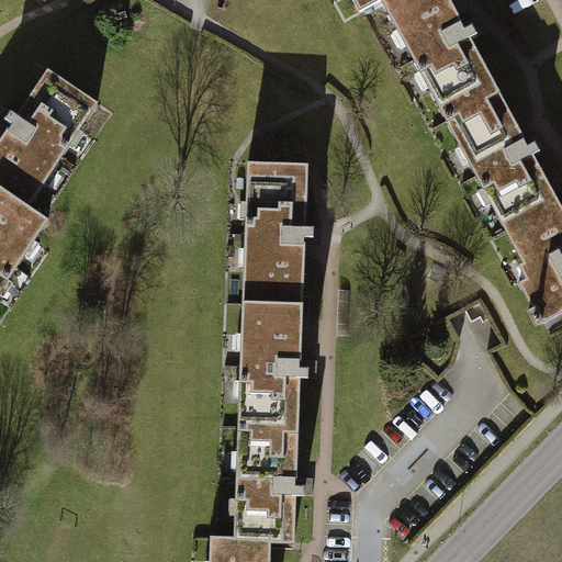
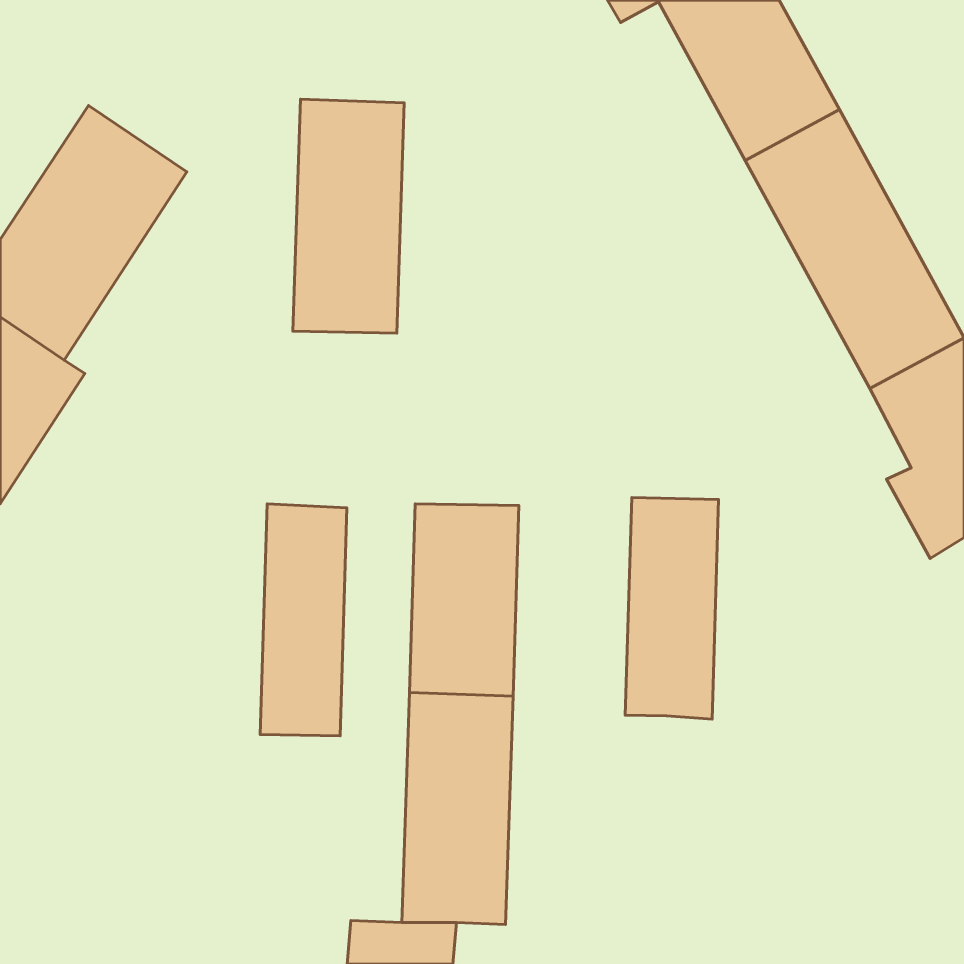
building: [241,158,306,294] -> [293,99,404,333]
building: none -> [625,497,719,719]
building: none -> [260,504,347,736]

